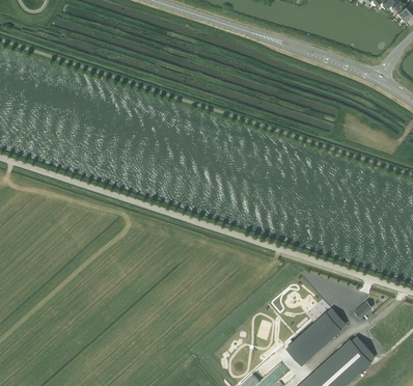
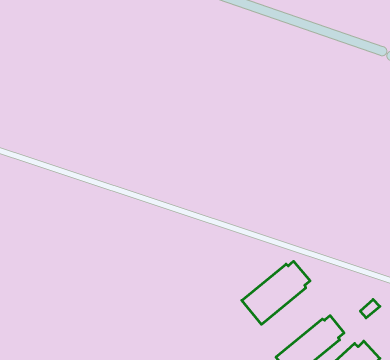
building: none -> [242,261,310,324]

